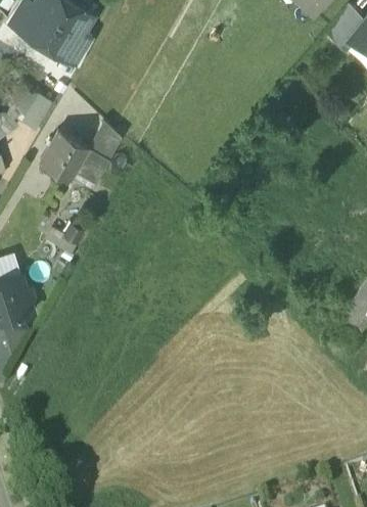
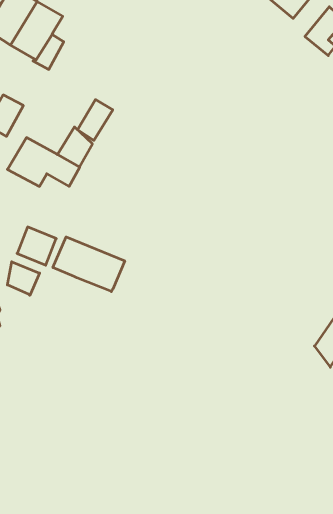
building: none -> [77,100,113,140]
building: none -> [53,237,125,292]
building: none -> [7,262,40,295]

